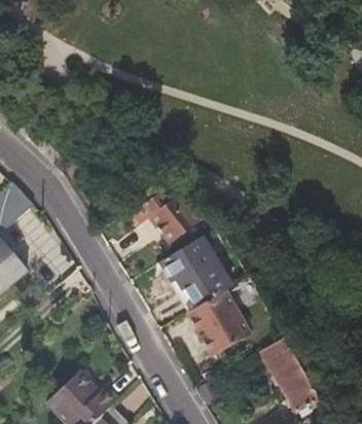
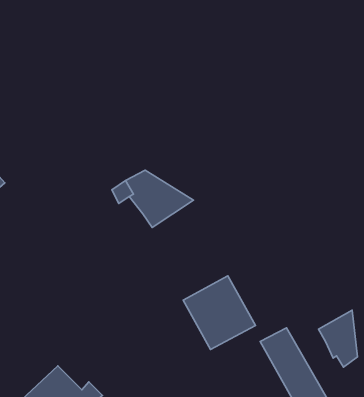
building: [161,233,231,310] -> none
building: none -> [319,310,358,367]

